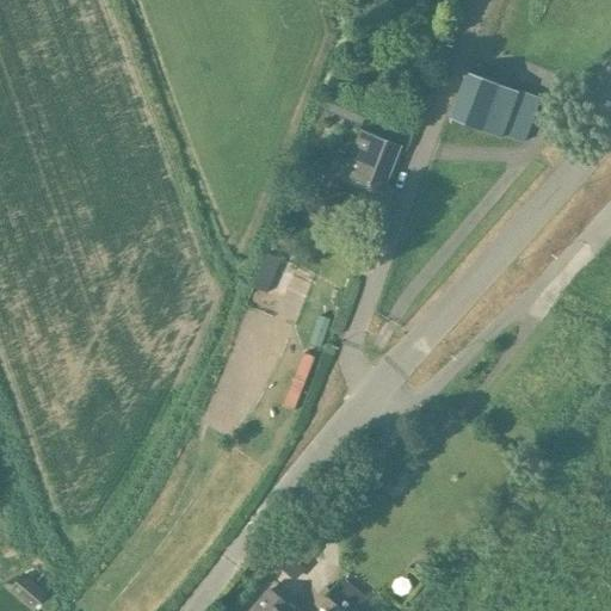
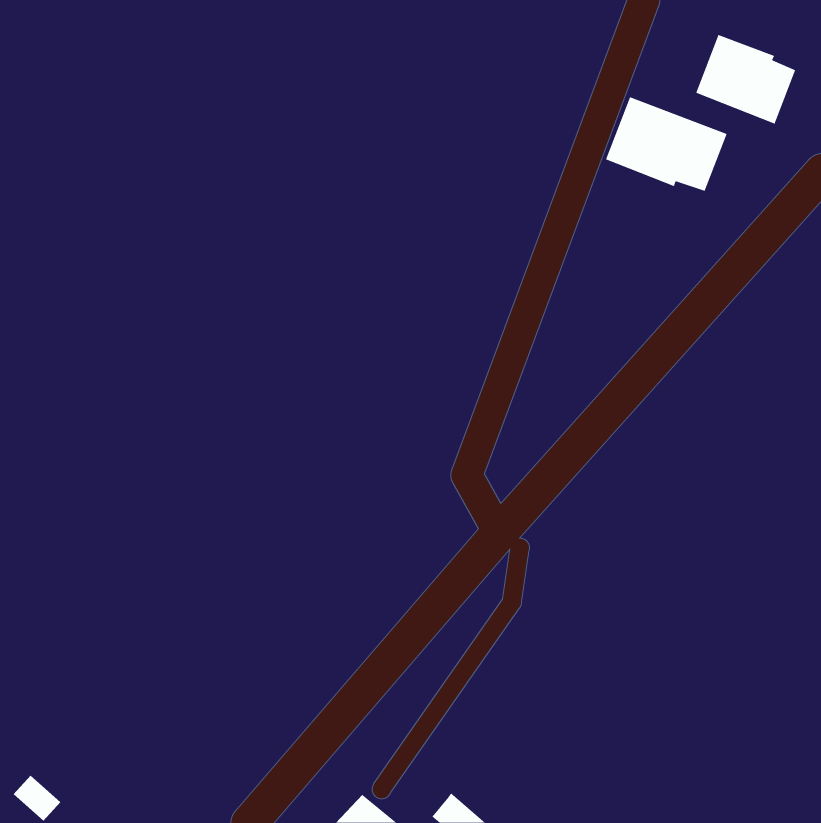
building: none -> [695,34,796,124]
building: [329,129,402,190] -> none

